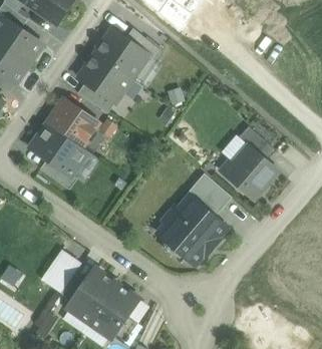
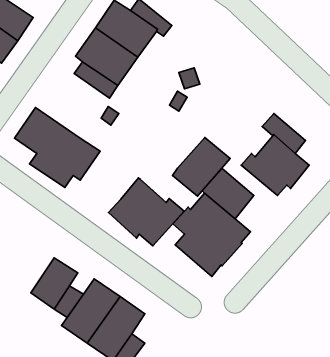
building: [44,95,100,147] -> none
building: none -> [172,137,230,196]
building: none -> [109,178,184,246]

